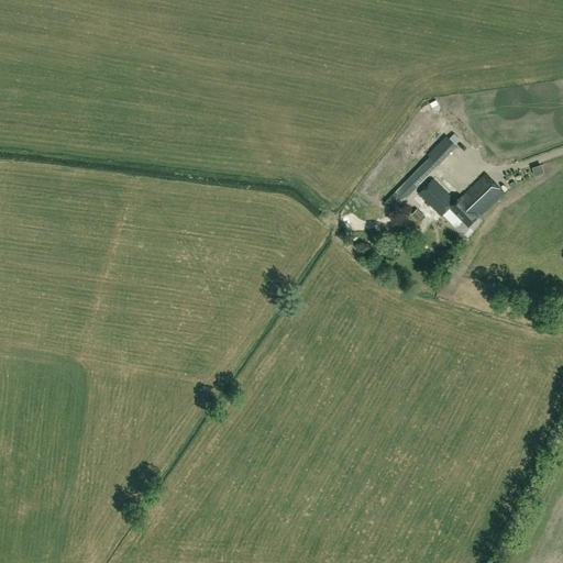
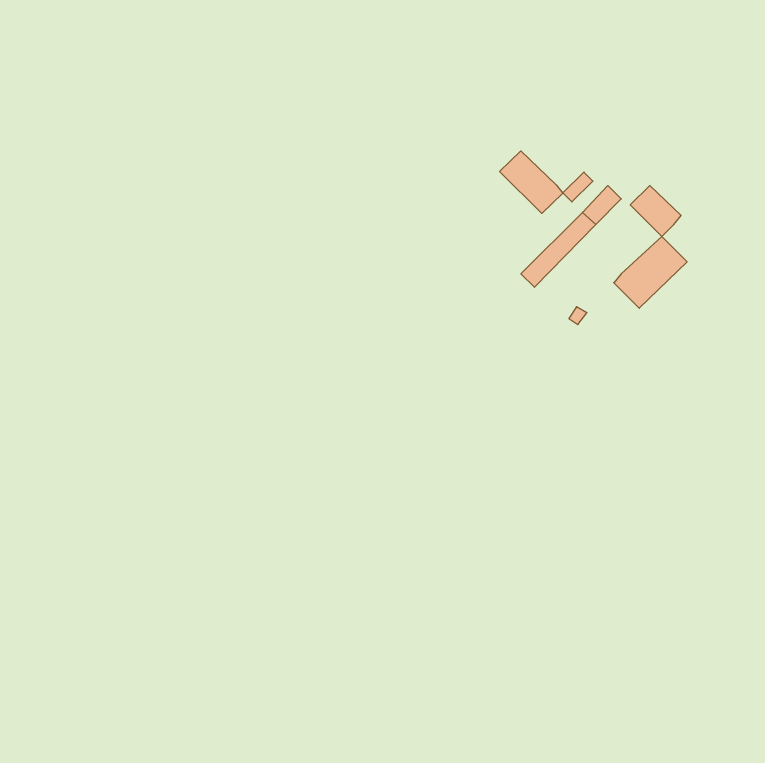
building: none -> [500,151,563,213]
building: [419,180,456,218] -> [630,186,681,236]

